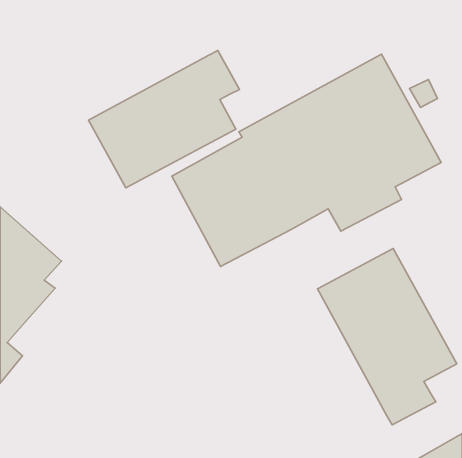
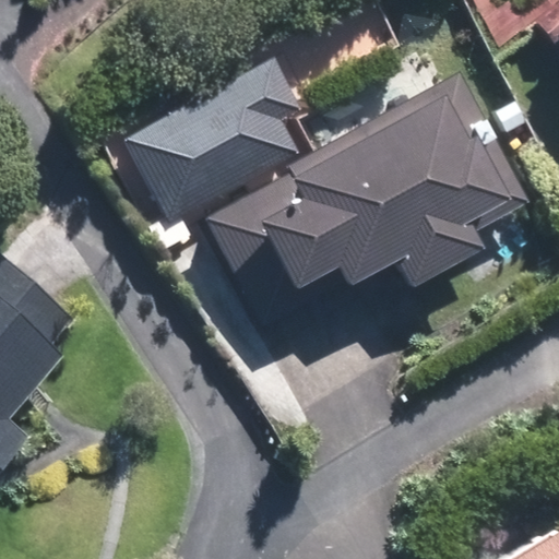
building: [318,248,457,425] -> none

